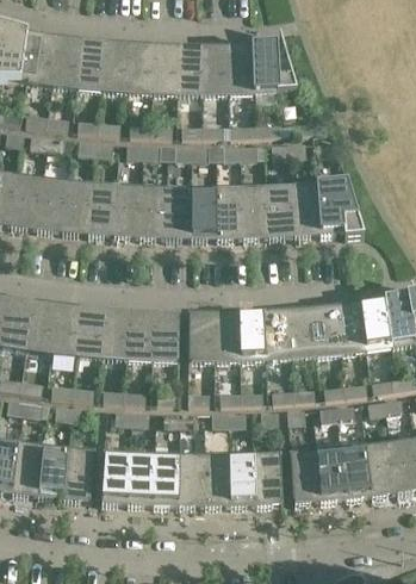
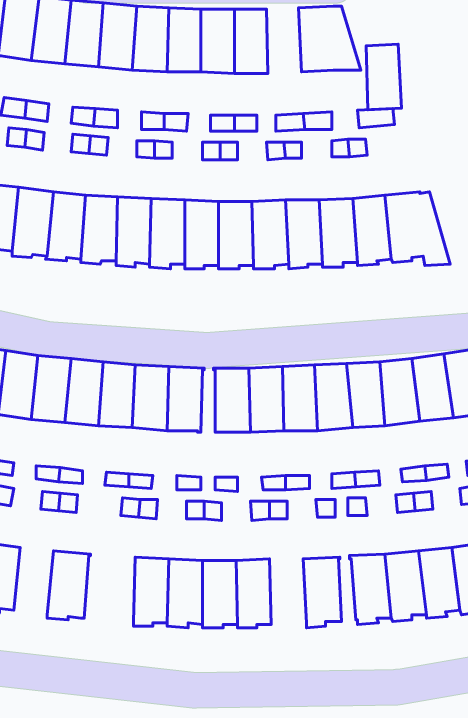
building: [226,44,253,93] -> [366,44,401,110]
building: [38,446,68,497] -> none
building: [100,451,129,503] -> none
building: [229,454,256,505] -> none

